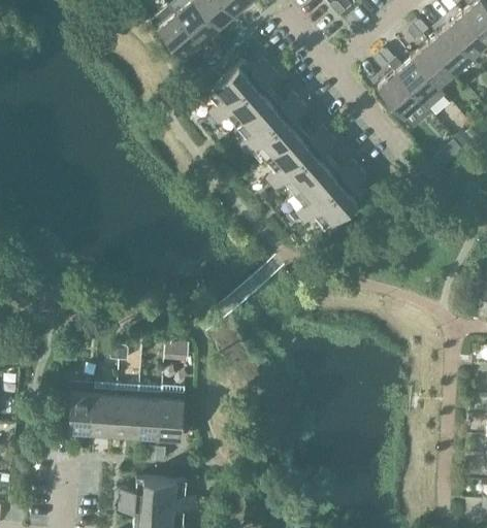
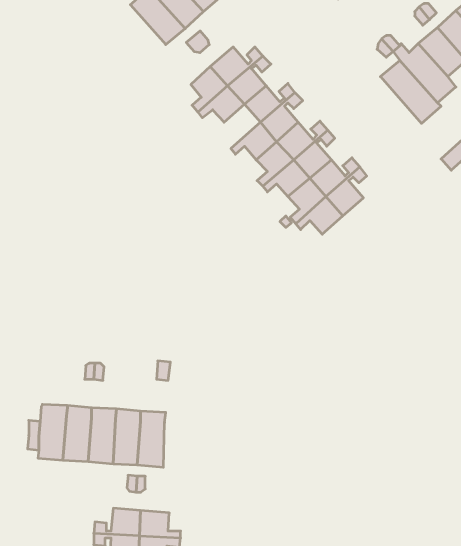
building: [236,113,269,154] -> none

